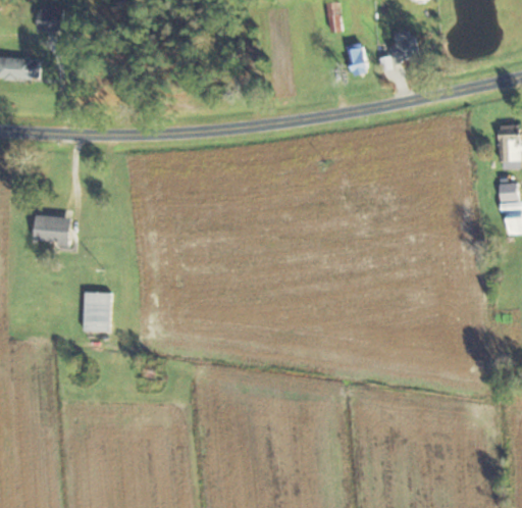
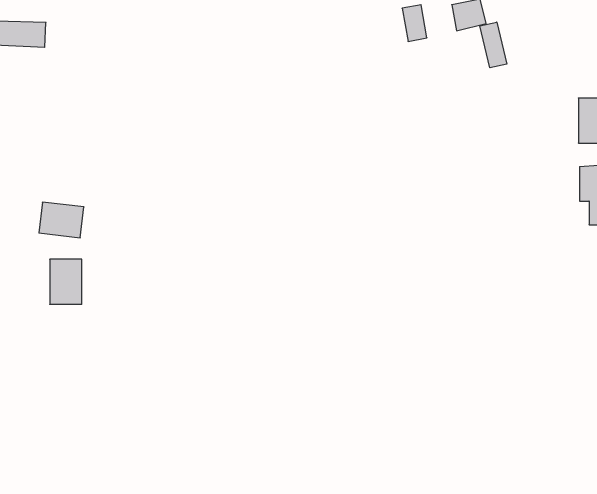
building: none -> [480,22,507,68]
building: [83,292,110,331] -> [50,259,82,304]

